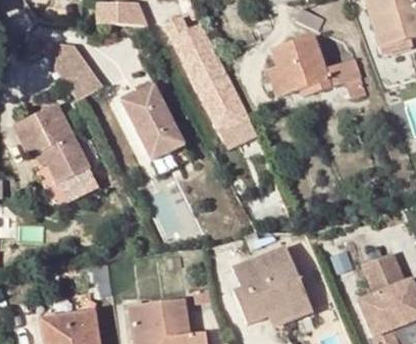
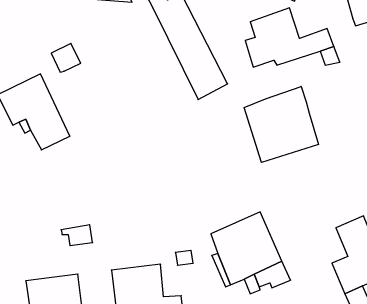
building: [44,35,88,82] -> none
building: [120,85,173,159] -> none
building: none -> [244,86,318,162]
building: [44,167,96,207] -> none

